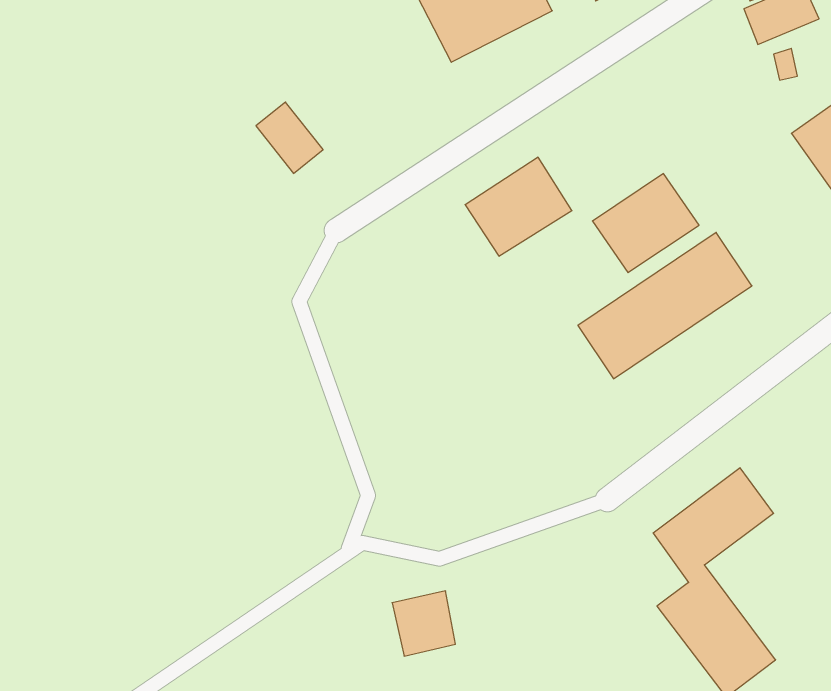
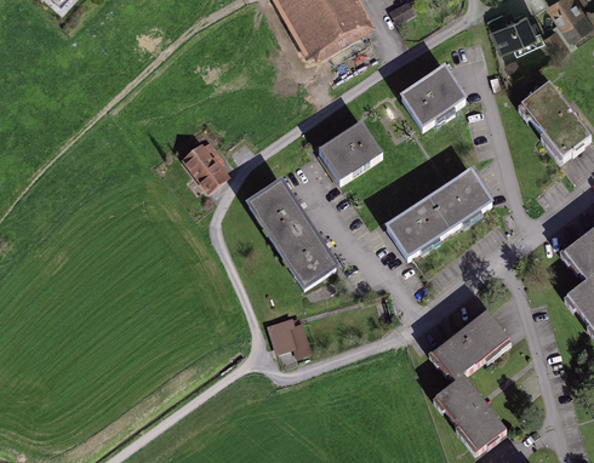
building: [256,102,323,173] -> [187,147,228,190]
building: [592,174,699,273] -> [401,67,467,127]
building: none -> [250,178,336,285]
building: [392,591,455,656] -> [264,318,303,358]

